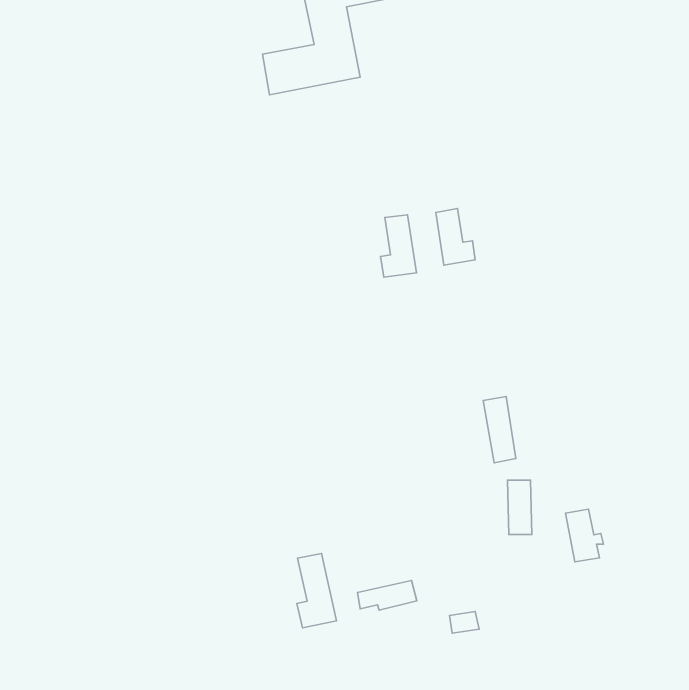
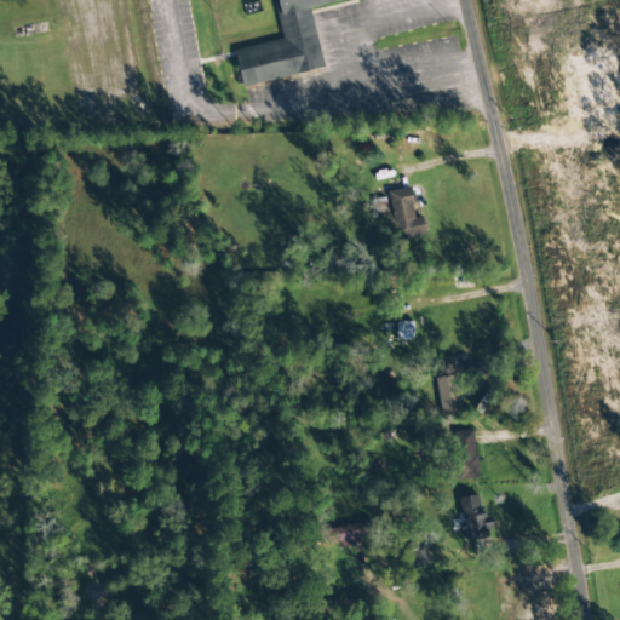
building: [381,215,417,277] -> none
building: [566,509,603,562] -> [460,494,494,541]
building: [297,554,337,628] -> none

